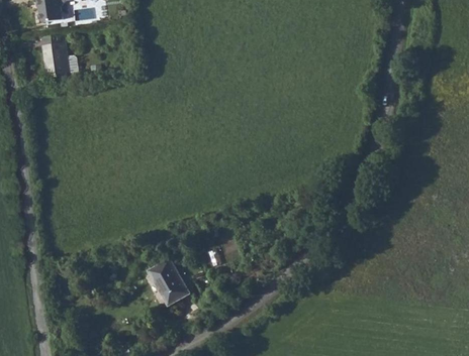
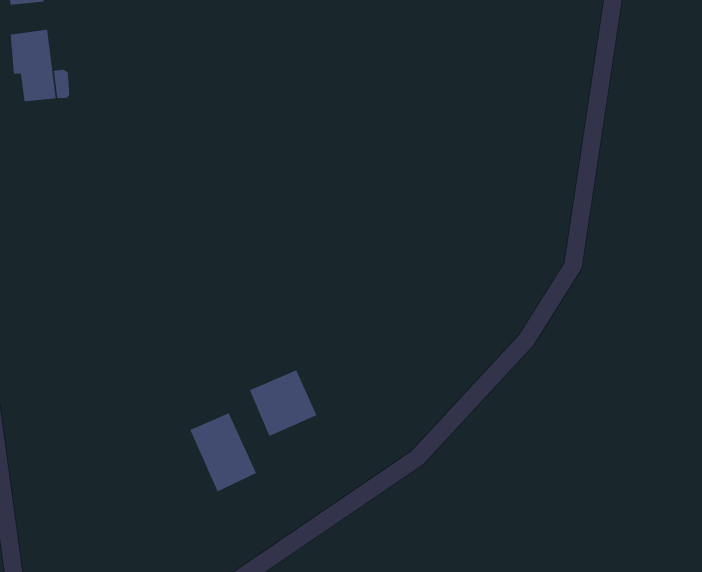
building: none -> [249,370,317,437]

